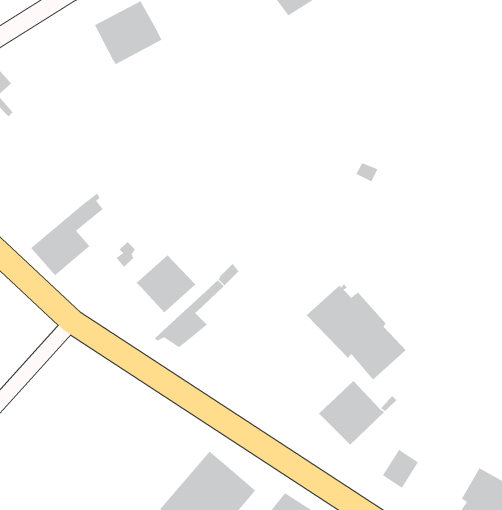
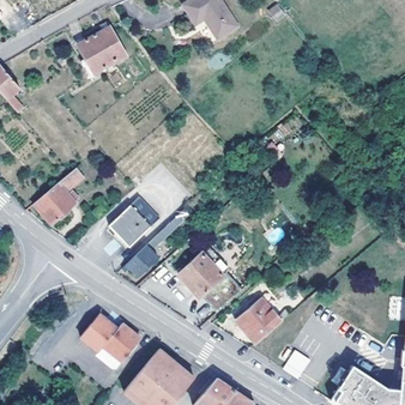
building: [306,283,406,380] -> [169,242,241,312]
building: none -> [79,312,140,367]

